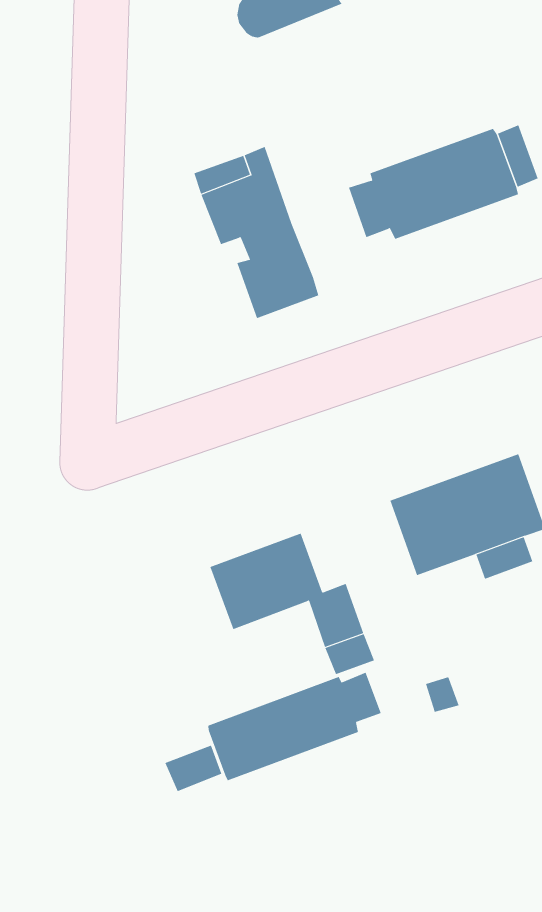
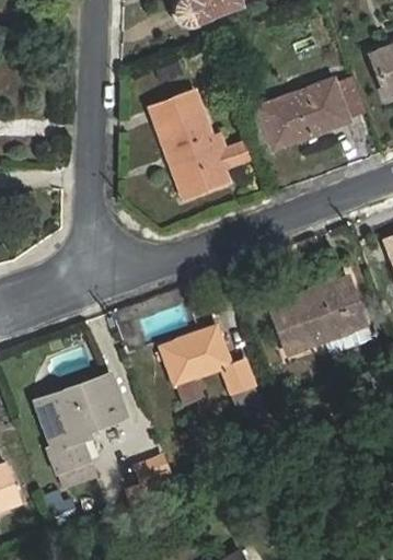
building: none -> [38,373,126,487]
building: [208,672,382,781] -> none

